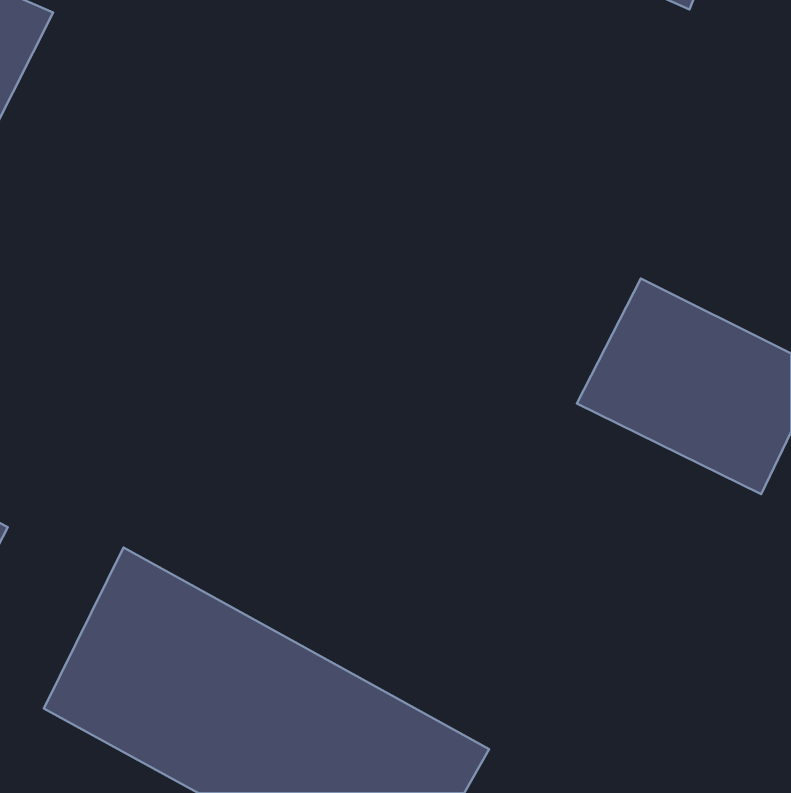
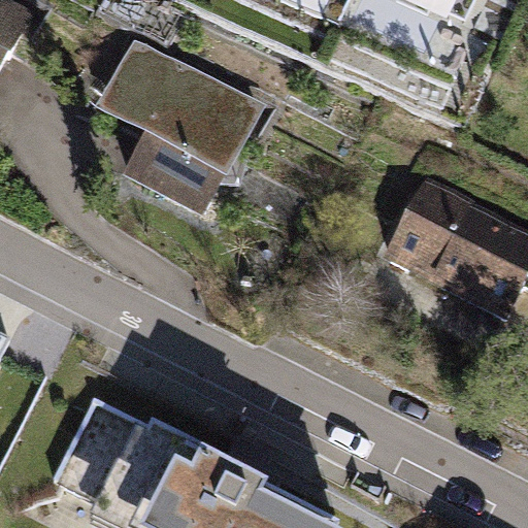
building: none -> [91,46,264,227]

